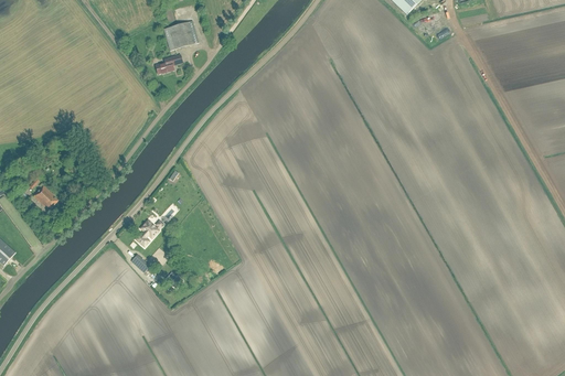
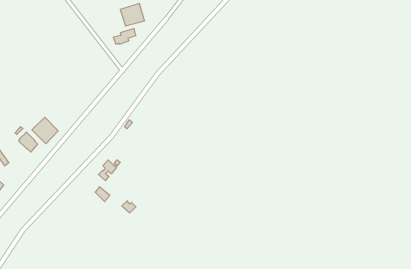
building: none -> [32,117,58,144]

